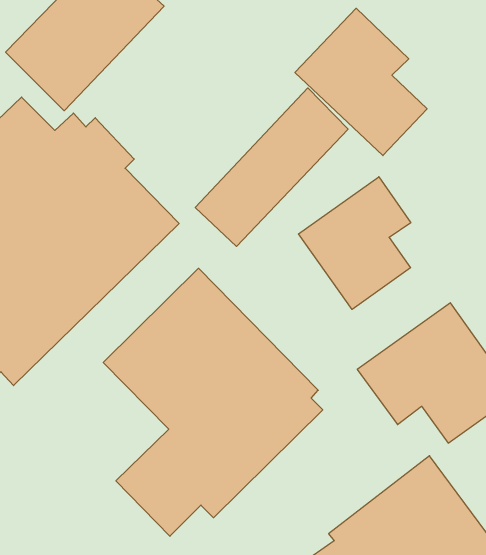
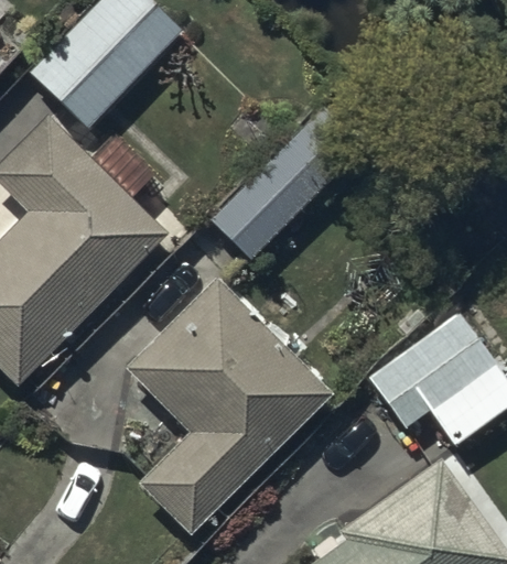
building: [295,8,427,156] -> none
building: [298,177,411,309] -> none

